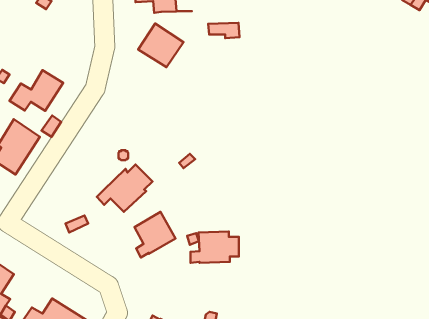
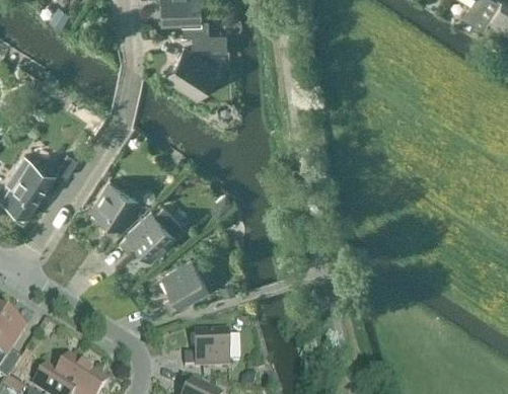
building: [208,23,239,38] -> [192,32,227,50]
building: [9,70,63,111] -> none
building: none -> [90,182,138,238]
building: [191,231,239,263] -> [184,333,238,369]

